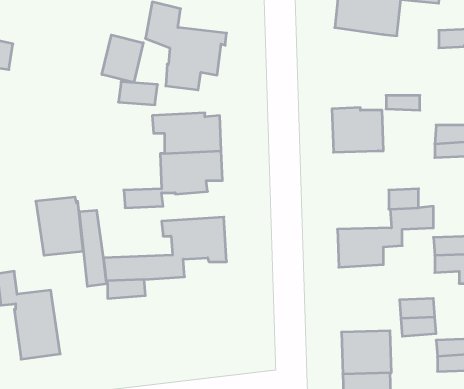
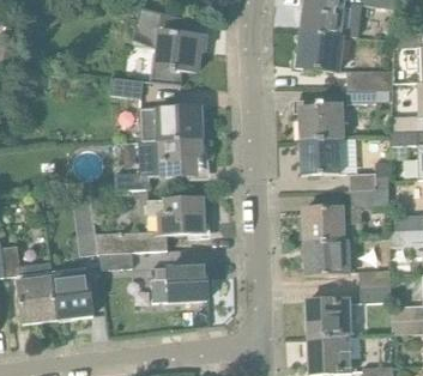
building: none -> [296,29,344,71]
building: [102,35,143,82] -> none
building: none -> [346,69,392,89]
building: none -> [300,138,340,175]
building: [36,197,83,255] -> [50,266,92,317]
building: none -> [304,238,353,274]
building: none -> [158,265,207,299]

